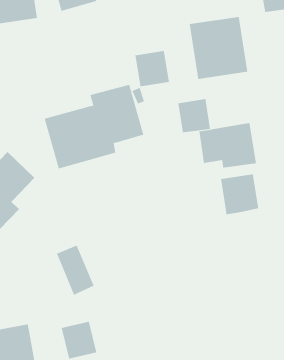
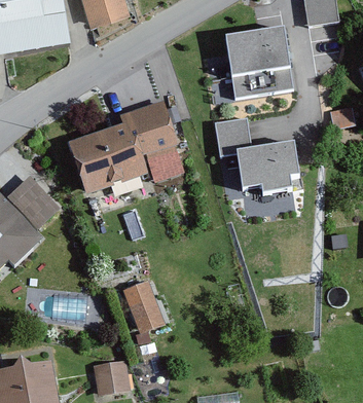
building: [135,50,169,87] -> none
building: [220,173,259,215] -> none
building: [56,245,94,295] -> [123,282,165,336]

